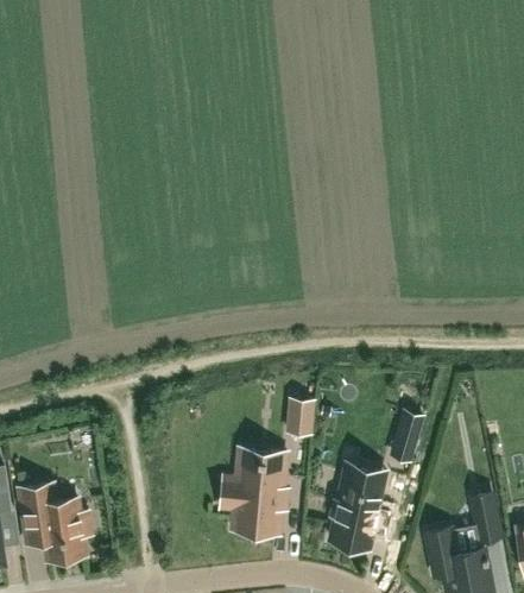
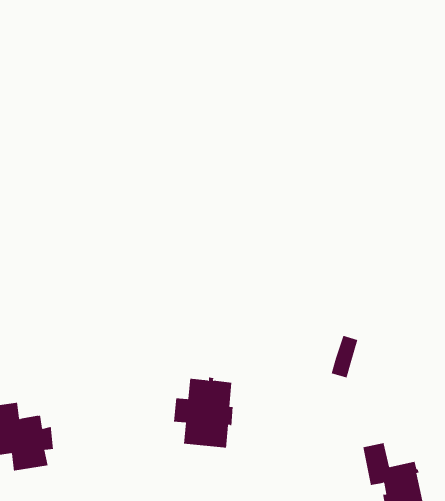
building: [289,399,314,435] -> none
building: [332,466,383,548] -> none
building: [474,494,500,540] -> none

